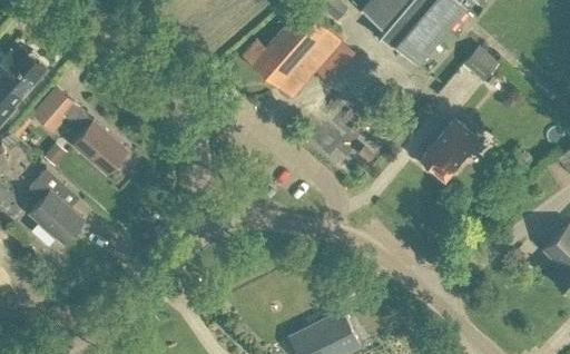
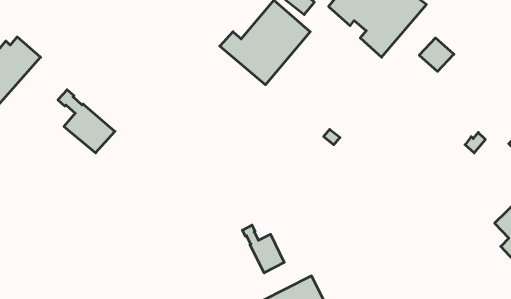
building: [31,87,76,130] -> none
building: [422,122,476,179] -> none
building: [28,168,83,244] -> none
building: none -> [242,225,284,273]

